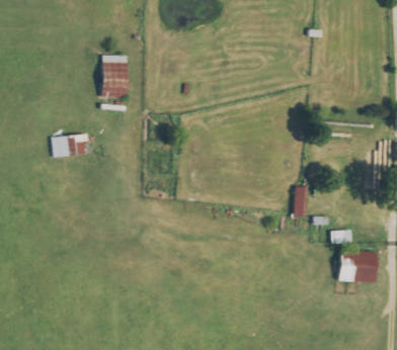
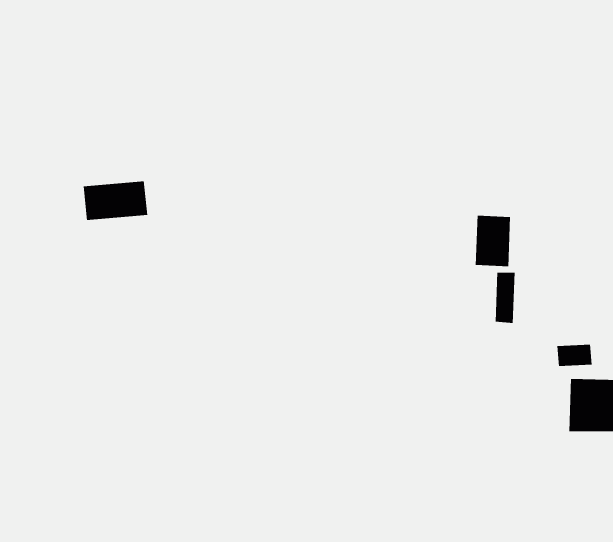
building: [101,55,128,97] -> none
building: none -> [475,215,510,267]

